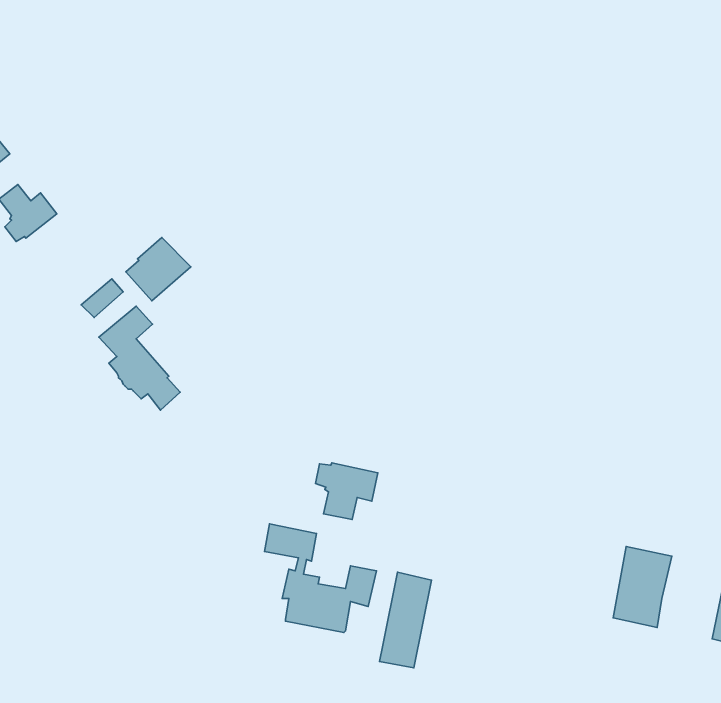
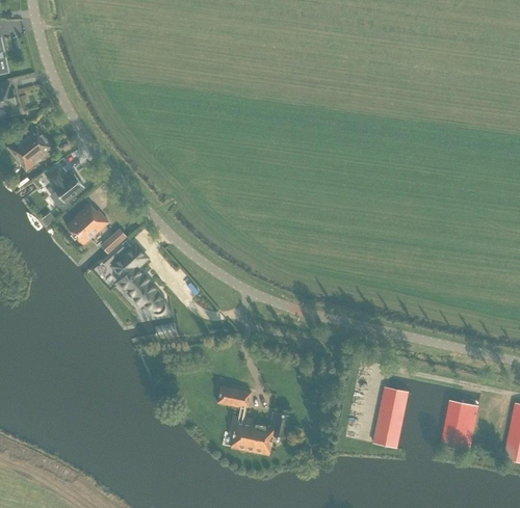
building: [126,238,191,301] -> [68,204,109,244]
building: [315,463,378,519] -> none
building: [380,572,432,668] -> [374,386,408,448]

